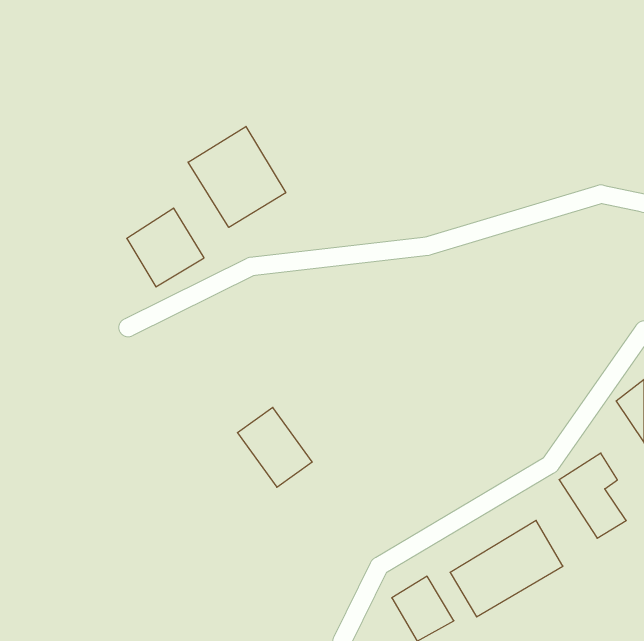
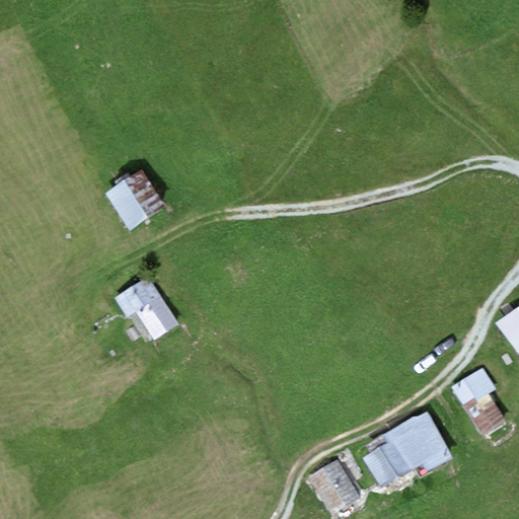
building: [188,126,286,227] -> none
building: [237,407,312,487] -> [121,277,180,341]

